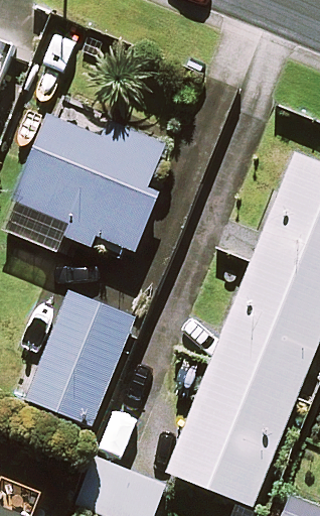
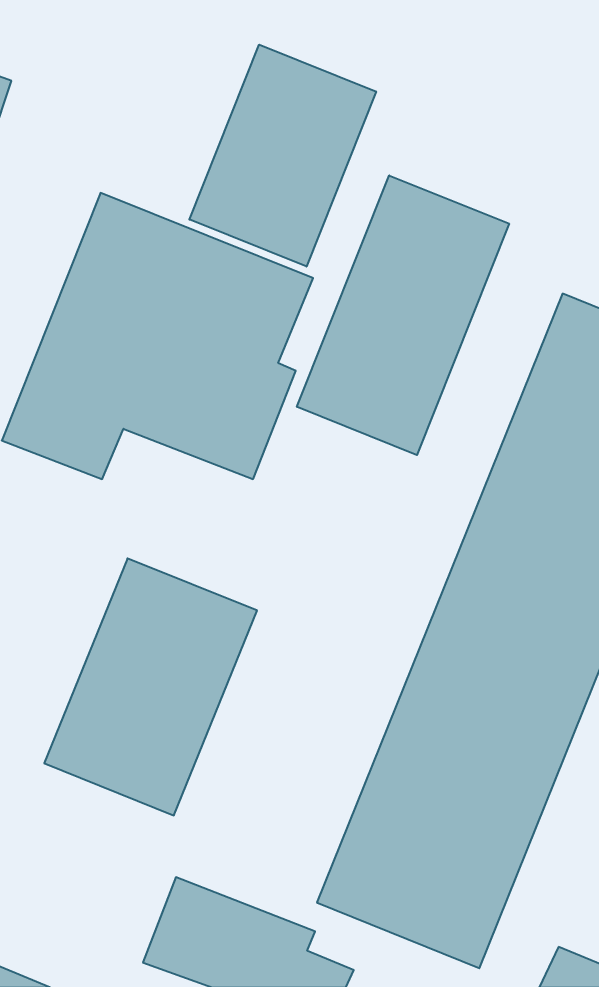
building: none -> [189,45,376,267]
building: none -> [297,175,509,455]

